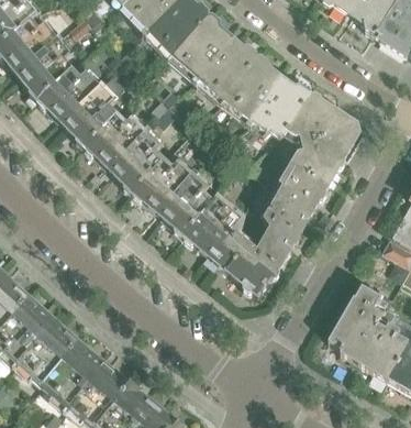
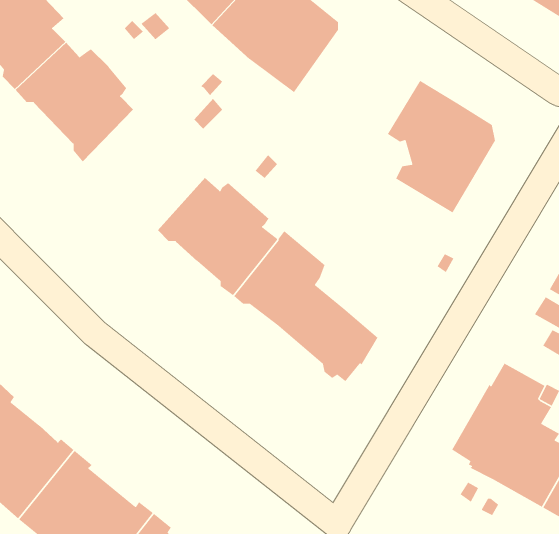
building: [223,58,307,134] -> none
building: [82,112,164,193] -> none
building: [248,158,329,264] -> none

